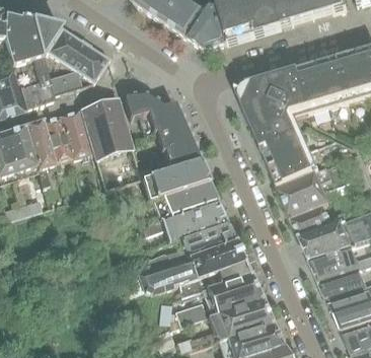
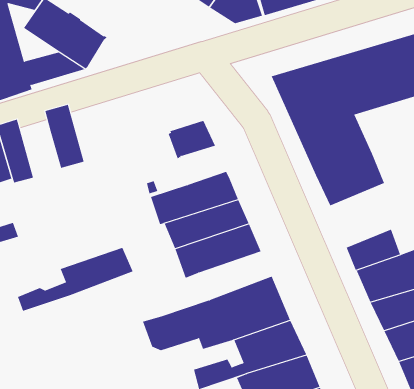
building: [124,95,182,131] -> none
building: [80,96,132,154] -> none
building: [42,114,74,164] -> none
building: [164,140,200,169] -> none
building: [276,165,331,217] -> none
building: [146,220,234,269] -> [17,247,134,312]

